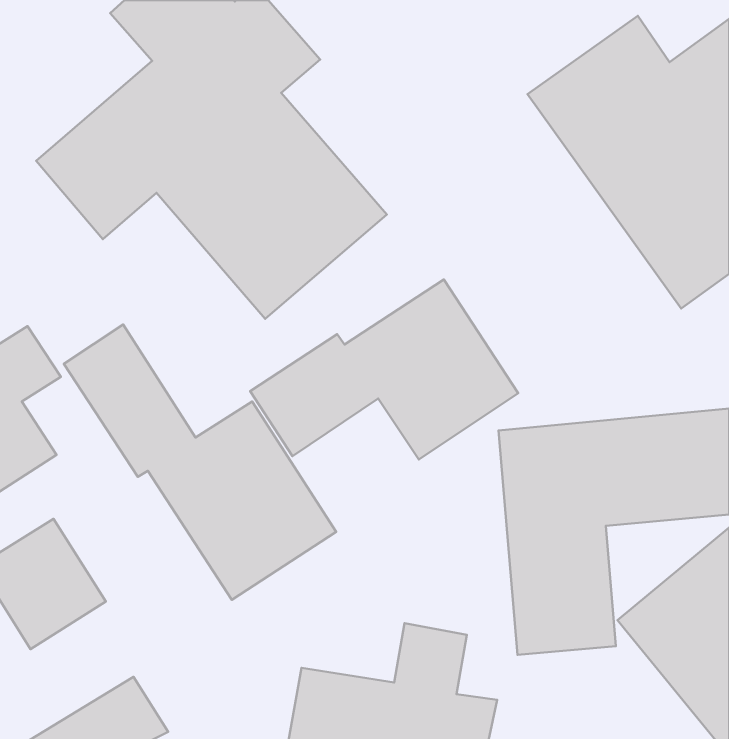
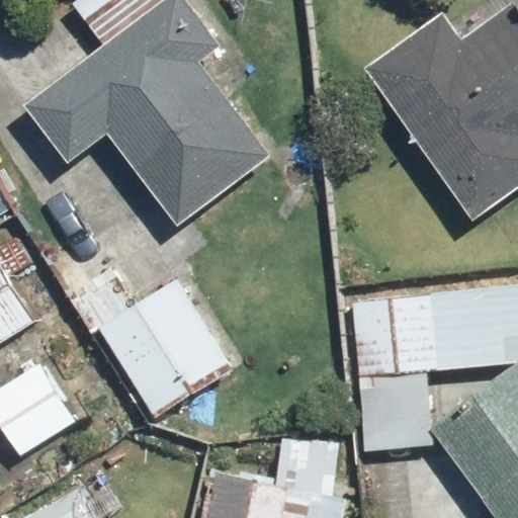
building: [250,279,518,460] -> none

